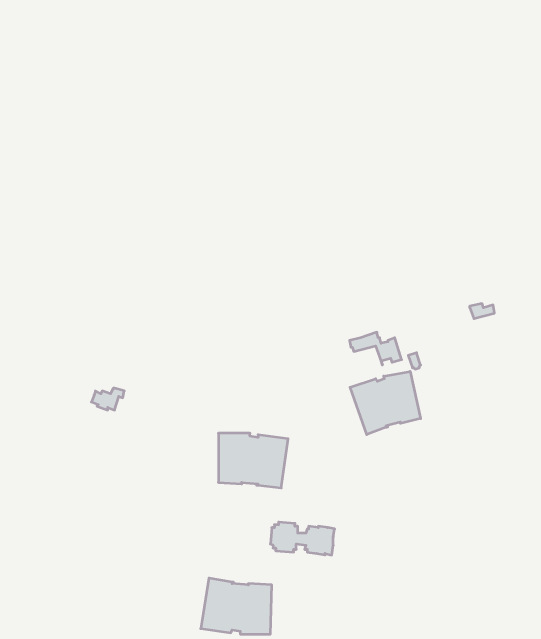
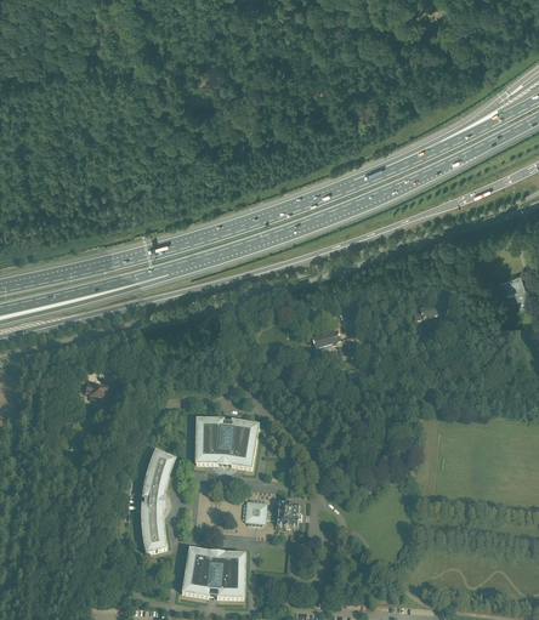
building: [350,371,421,435] -> none
building: none -> [141,450,174,552]

